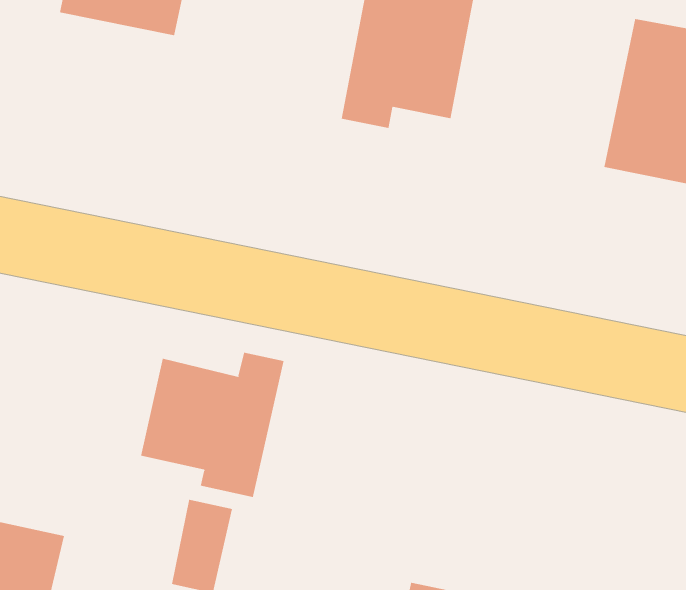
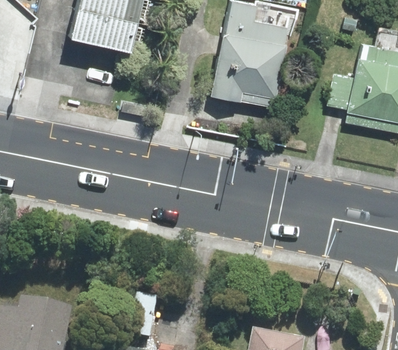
building: [140,352,284,498] -> none

